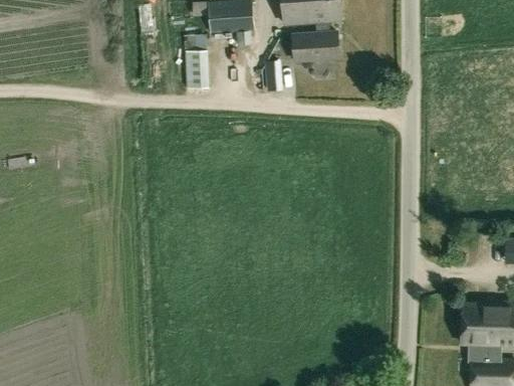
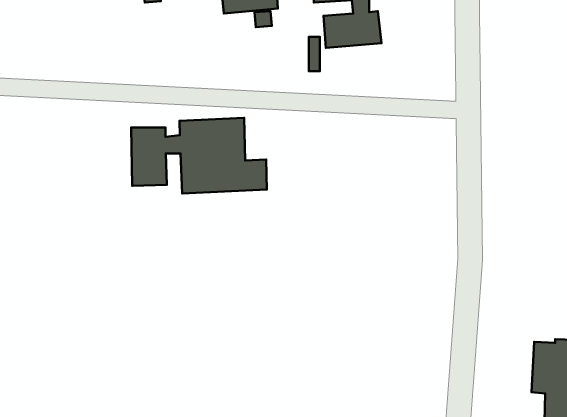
building: [186,51,208,88] -> none
building: none -> [131,118,267,194]

